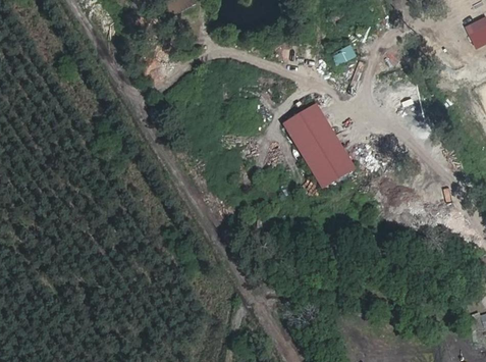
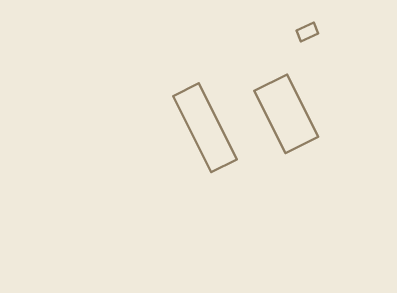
building: none -> [173,83,237,172]

